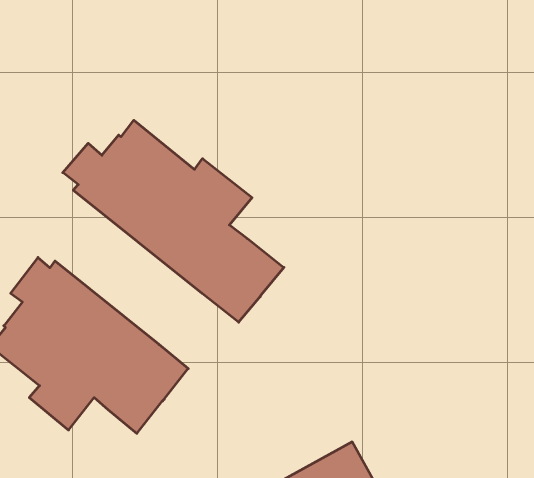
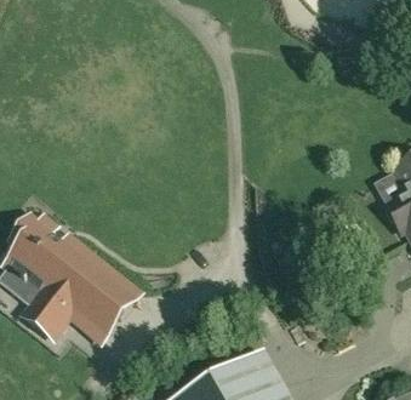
building: [63,120,284,322] -> none

